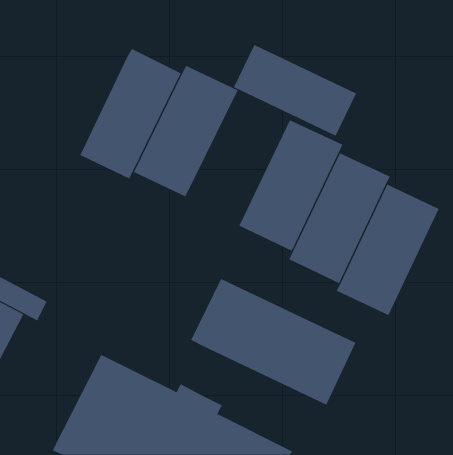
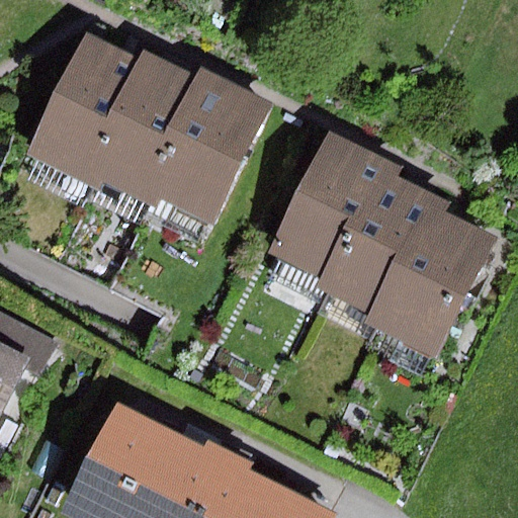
building: none -> [25,34,144,185]
building: [233,44,357,137] -> none
building: [190,278,356,405] -> none

